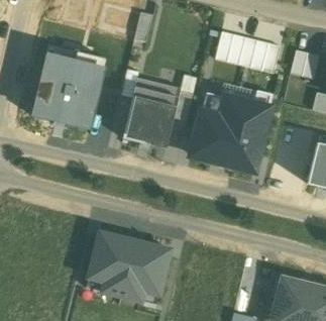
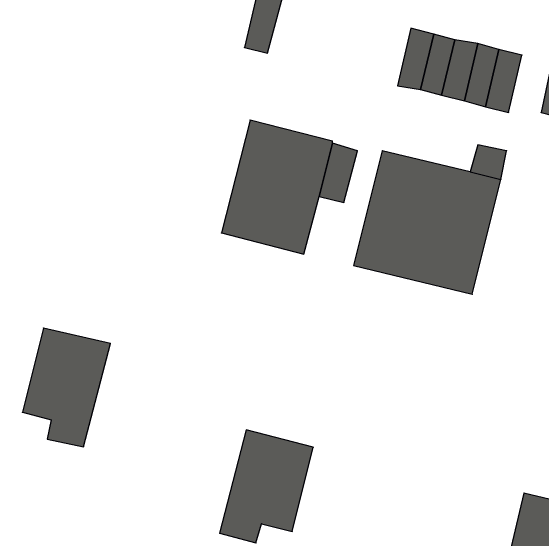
building: [29,51,105,130] -> none
building: [88,232,134,295] -> [22,328,110,447]

